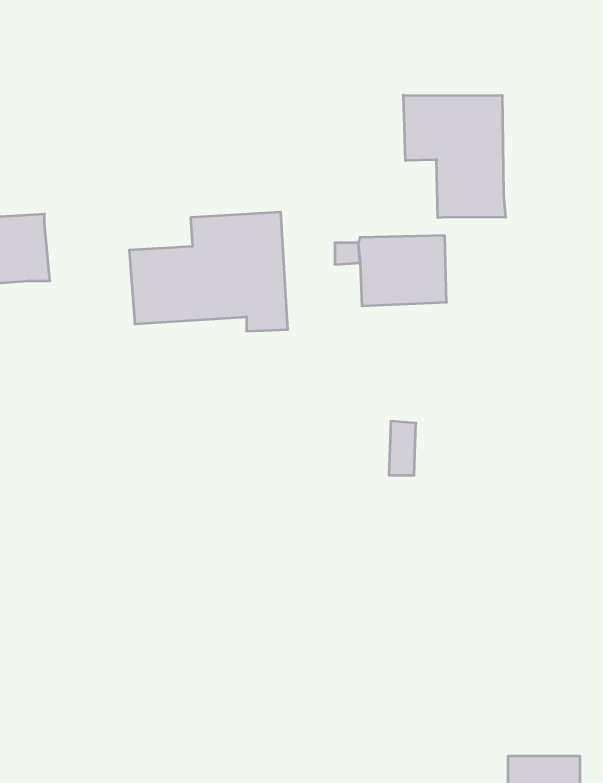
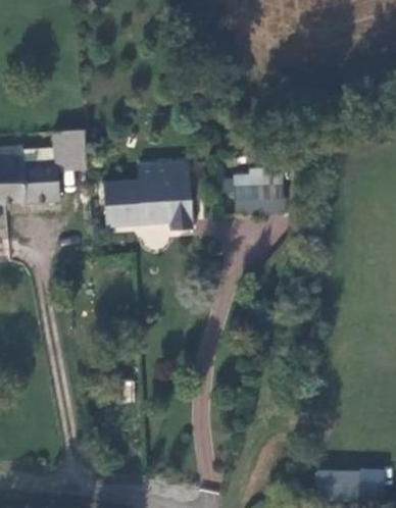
building: [403,95,506,218] -> none
building: none -> [52,130,86,168]

